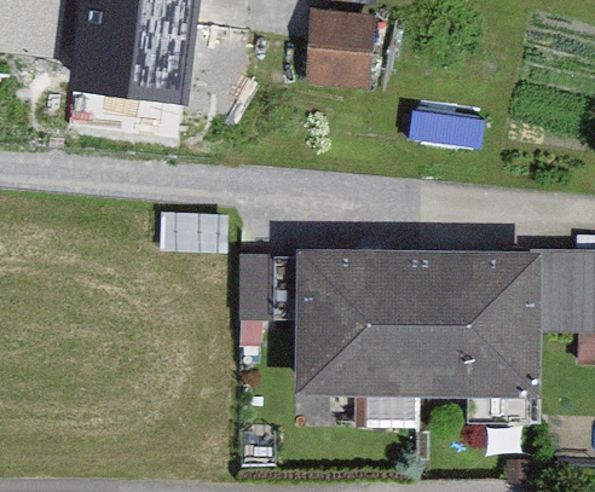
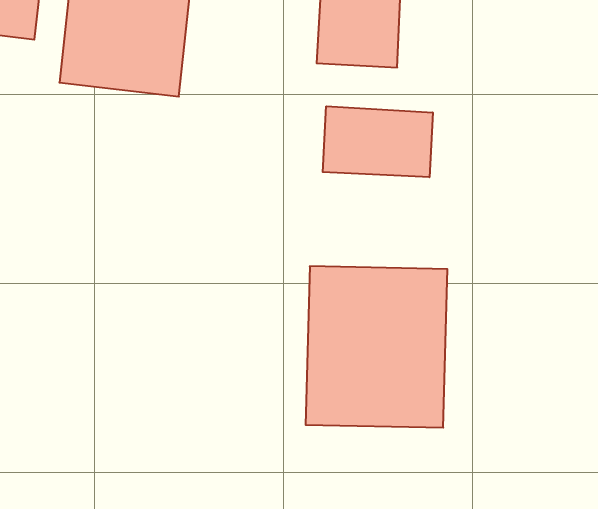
building: none -> [323,106,433,177]
building: [414,256,537,398] -> none

